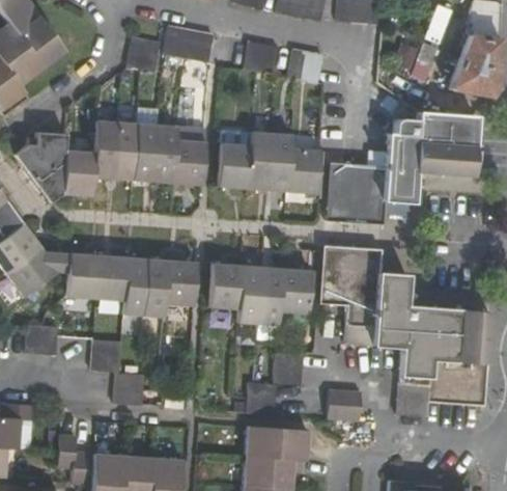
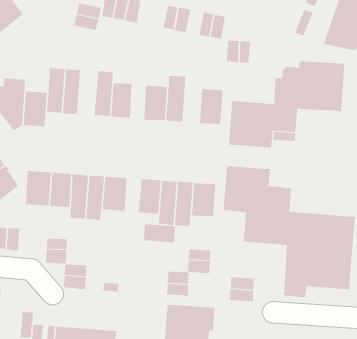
building: [133,122,159,182] -> none
building: [269,131,293,192] -> none
building: none -> [143,224,176,243]

